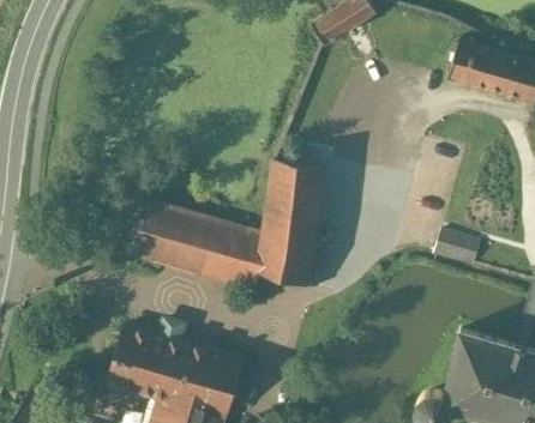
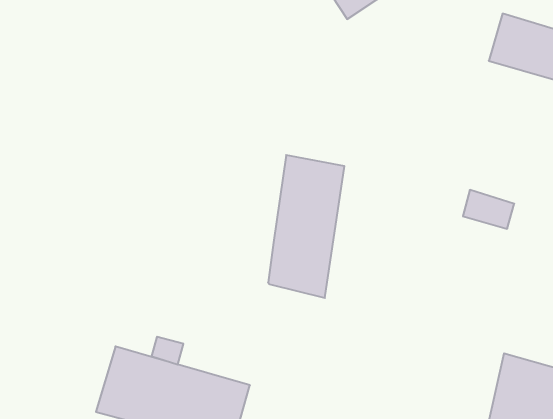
building: [136,204,262,290] -> none
building: [434,230,479,264] -> [463,190,514,229]

